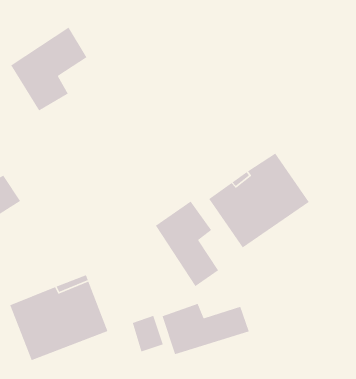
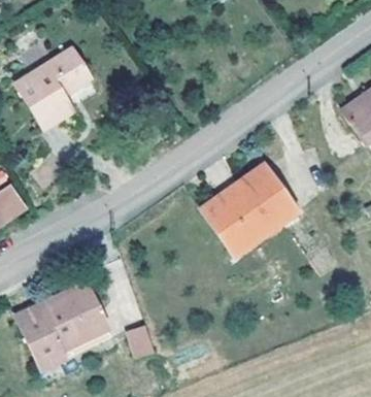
building: [155,201,219,287] -> none
building: [161,303,250,355] -> none

